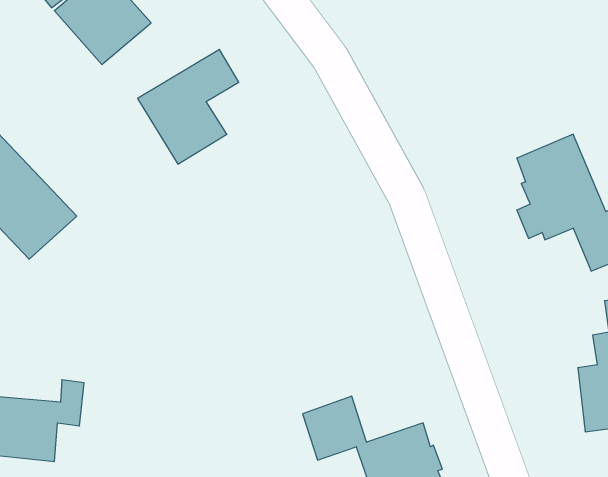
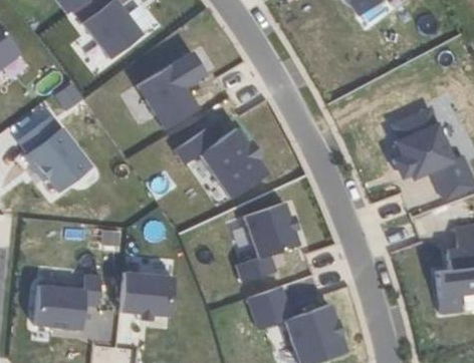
building: none -> [176,128,268,200]
building: none -> [237,204,298,283]
building: none -> [121,273,174,317]

